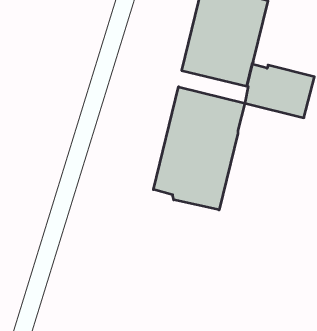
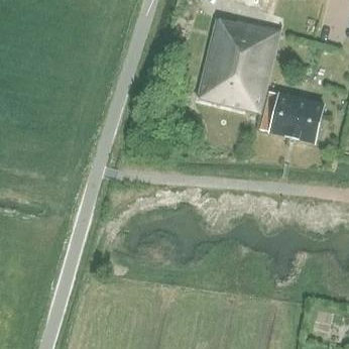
building: [153,87,245,210] -> none

